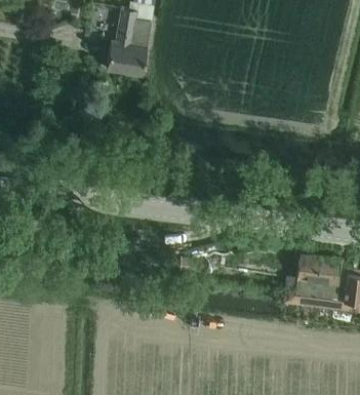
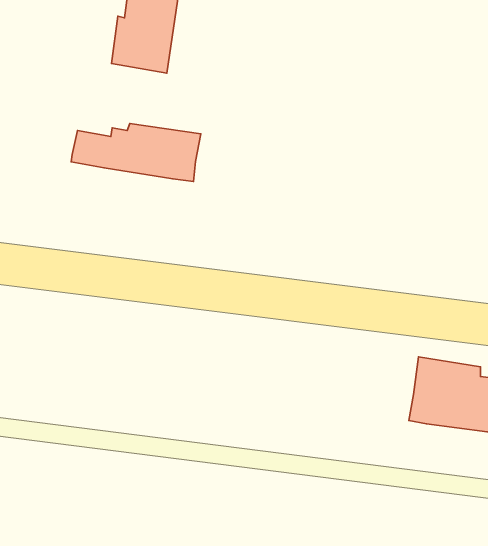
building: none -> [71,123,201,181]

